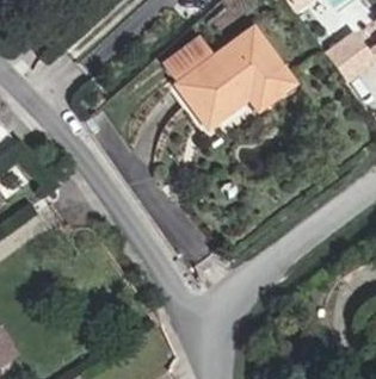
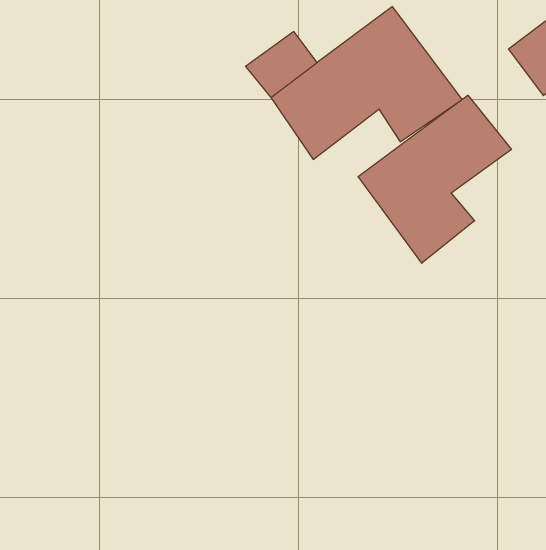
building: none -> [358,95,511,263]

